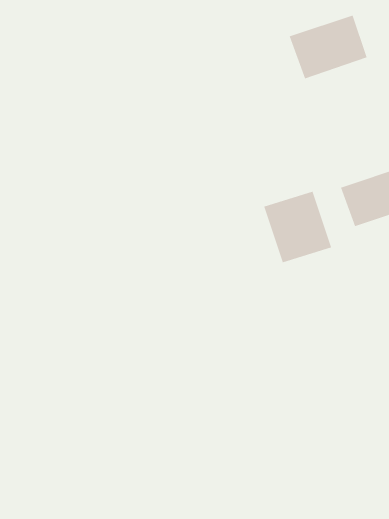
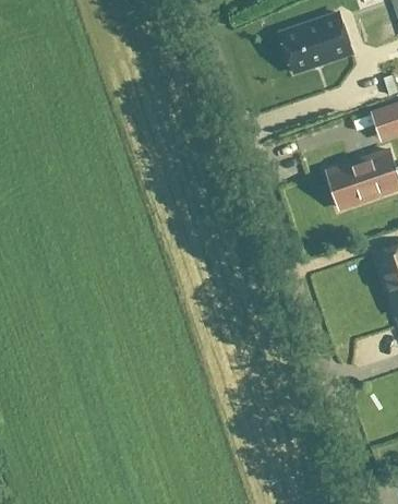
building: [264,191,332,263] -> none

